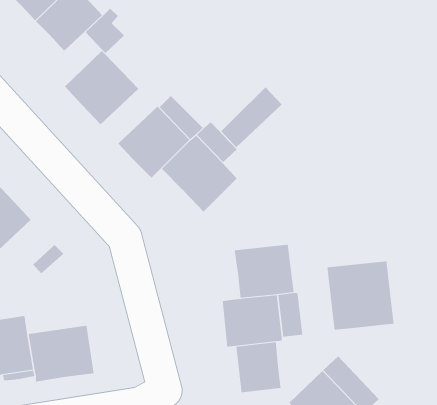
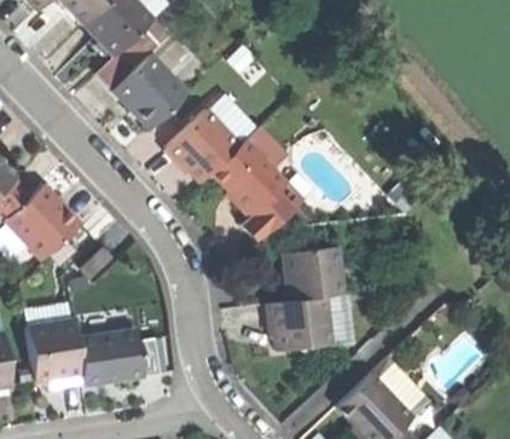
building: [221,86,282,148] -> [240,183,302,244]
building: [327,260,394,330] -> none
building: [236,342,281,393] -> none

